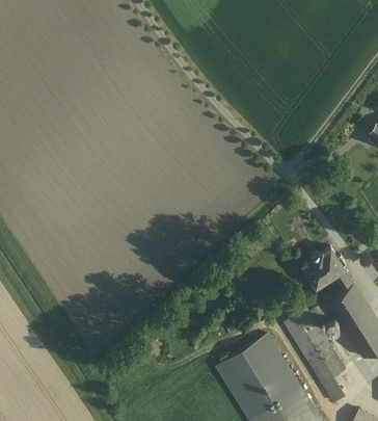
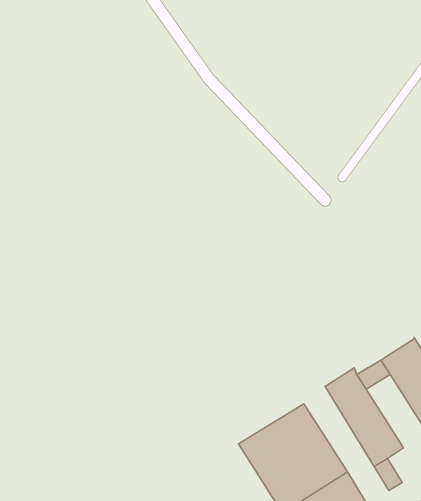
building: [302,248,354,292] -> none

